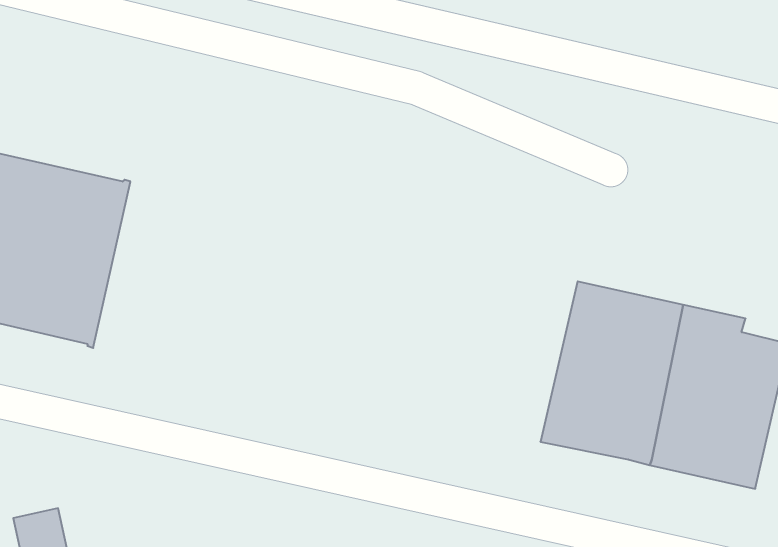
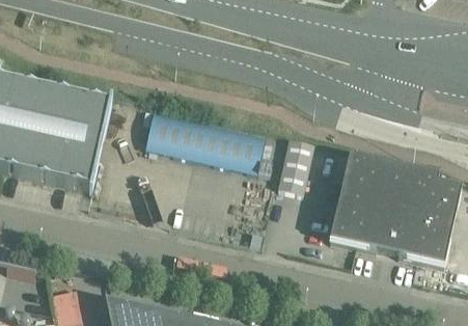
building: none -> [145,111,265,172]
building: none -> [281,138,311,191]

